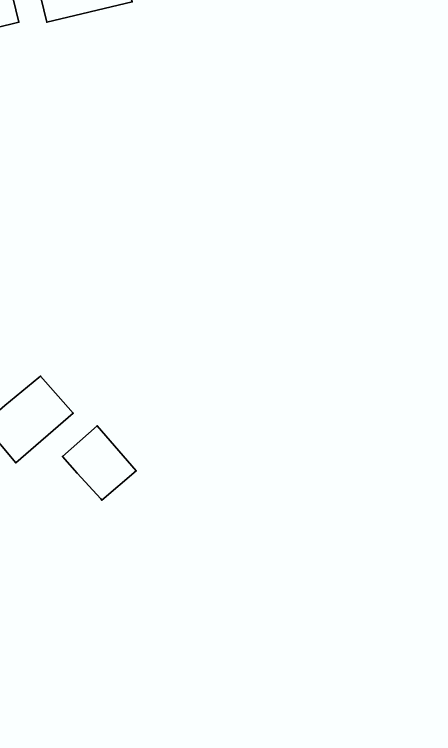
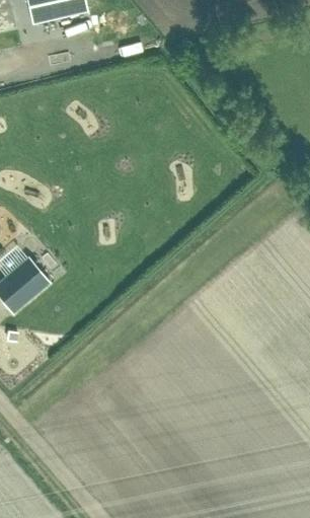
building: [63,426,136,500] -> none

